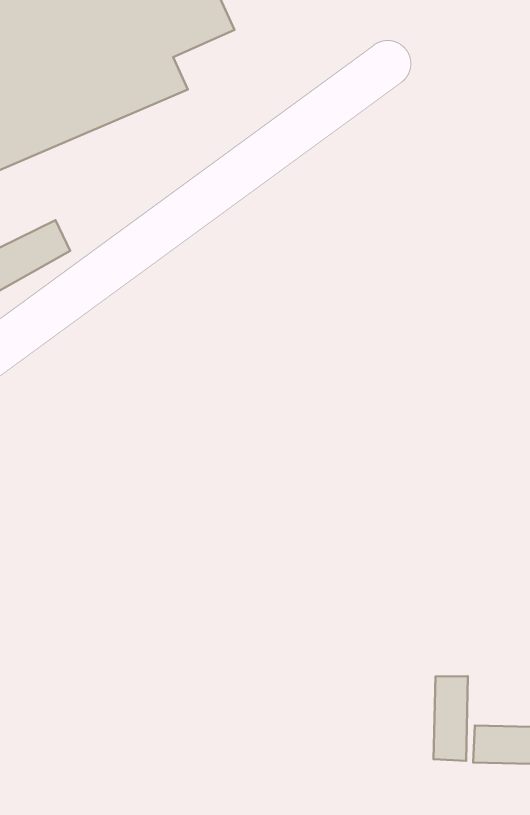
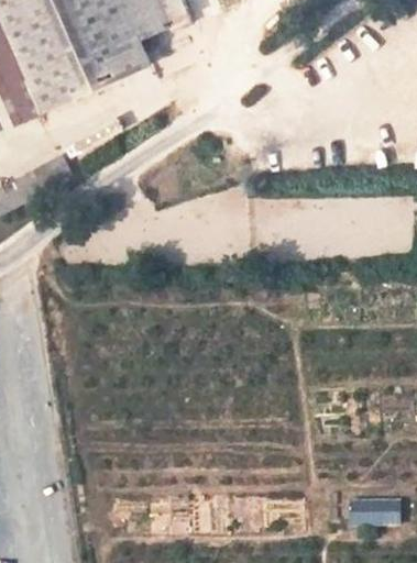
building: [434,676,468,761] -> none

